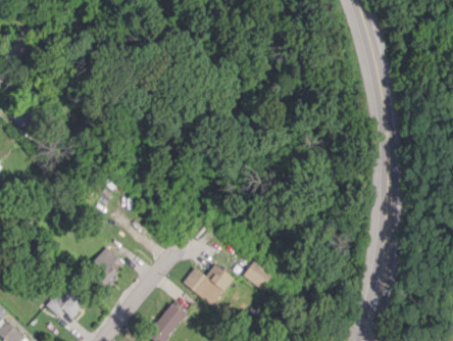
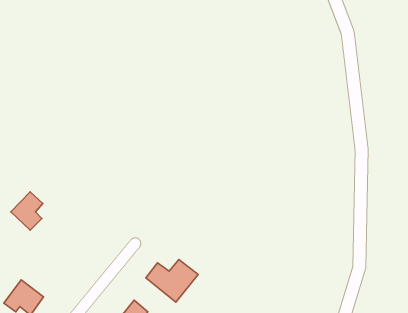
building: [89,247,119,284] -> [11,192,43,230]
building: [244,261,272,289] -> none

